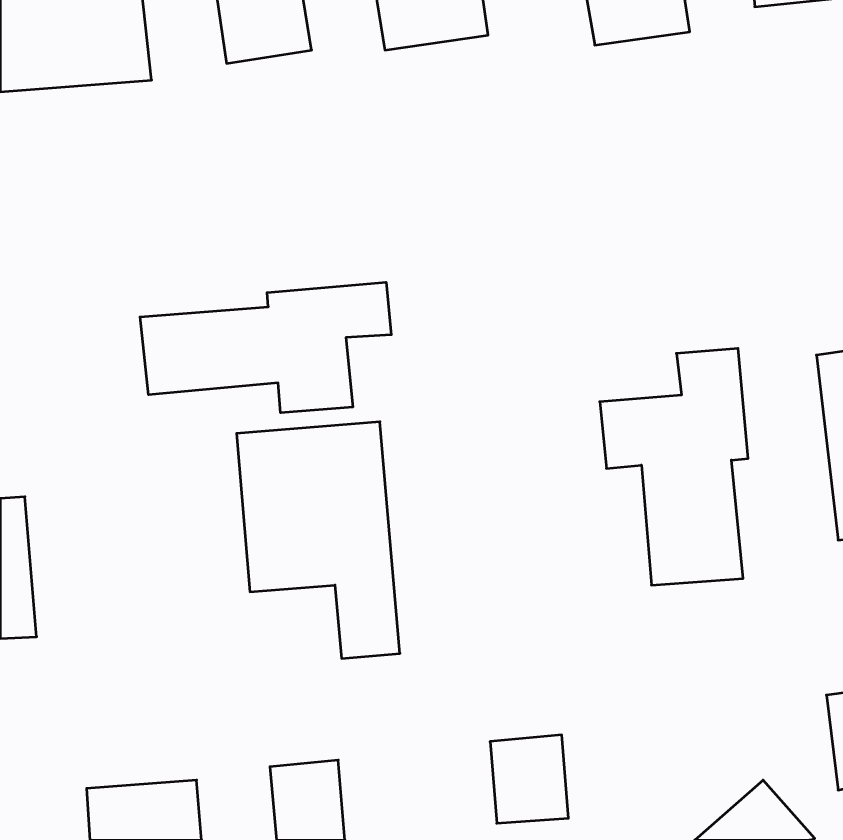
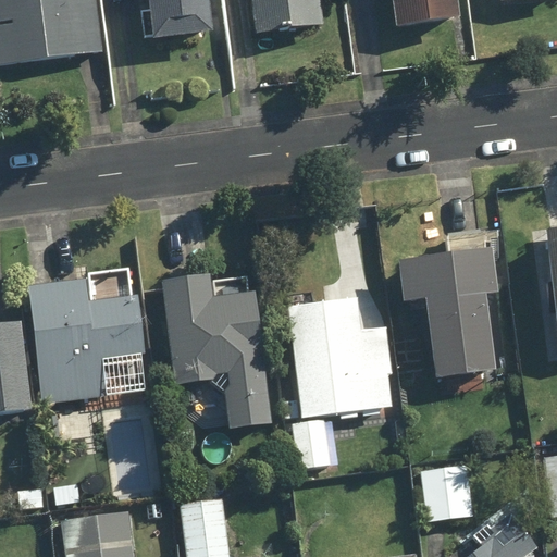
building: [140,282,391,413] -> none
building: none -> [29,267,145,403]
building: none -> [283,302,394,469]
building: [490,735,568,823] -> [422,461,473,519]

